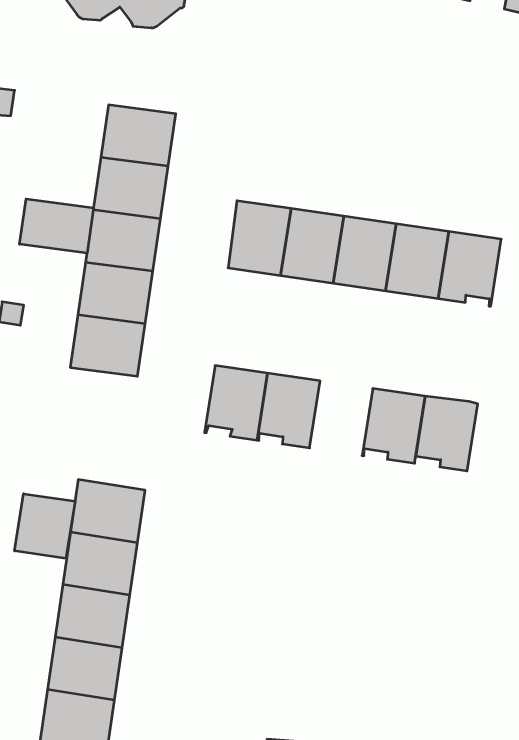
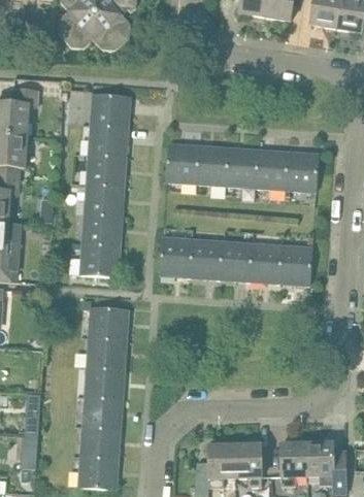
building: [20,199,94,253] -> none
building: none -> [79,244,120,276]
building: none -> [220,241,253,281]
building: [15,494,75,558] -> none

